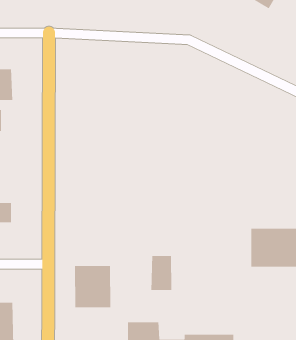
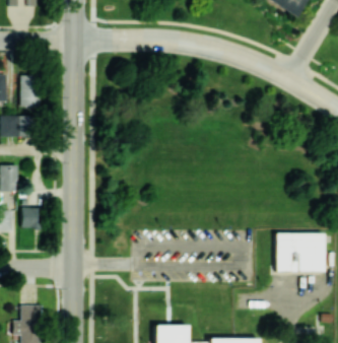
building: [151,255,172,291] -> none
building: [74,265,111,308] -> none

